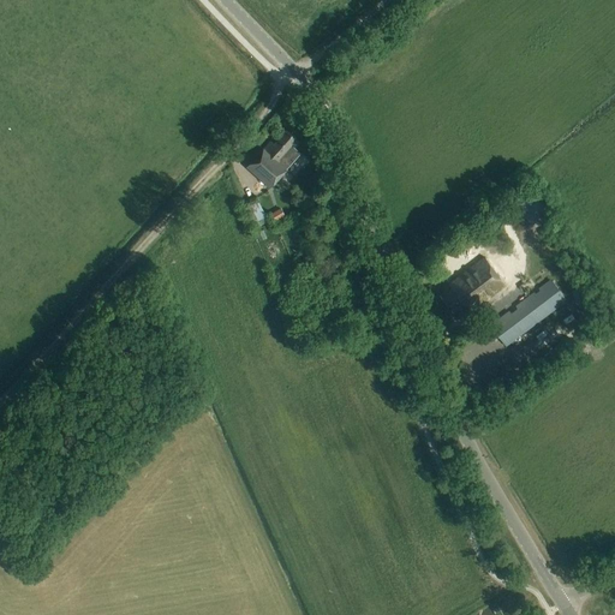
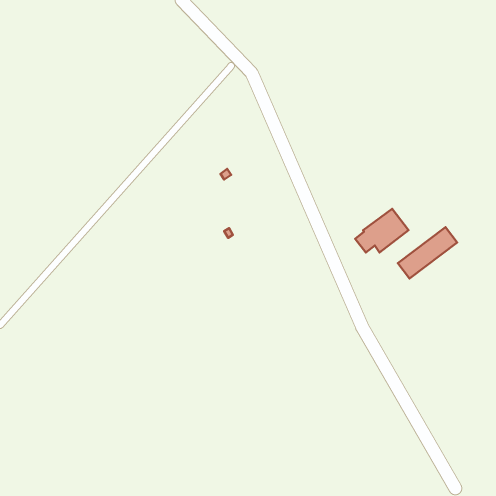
building: [246,131,300,189] -> none

